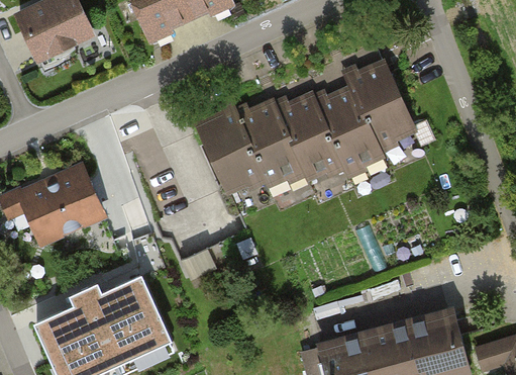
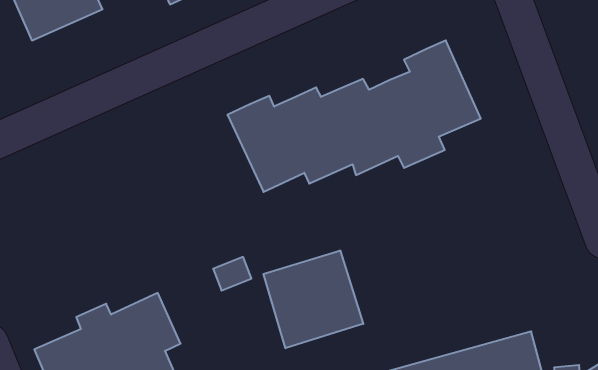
building: [17,166,105,249] -> none
building: none -> [263,250,363,348]

